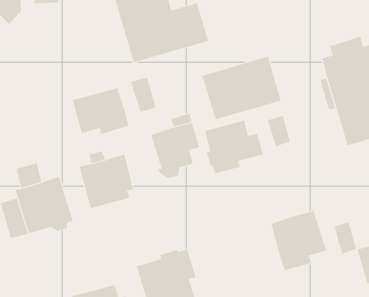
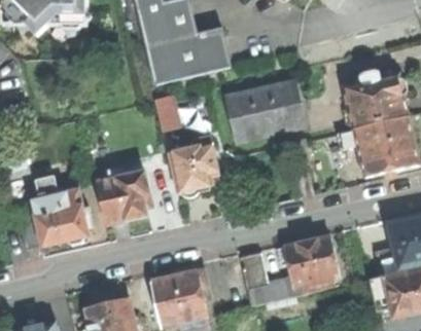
building: [72,88,129,135] -> none
building: [204,120,264,174] -> none
building: none -> [238,249,295,304]

